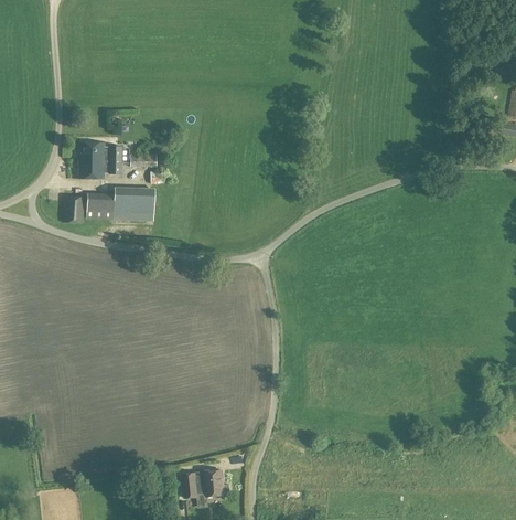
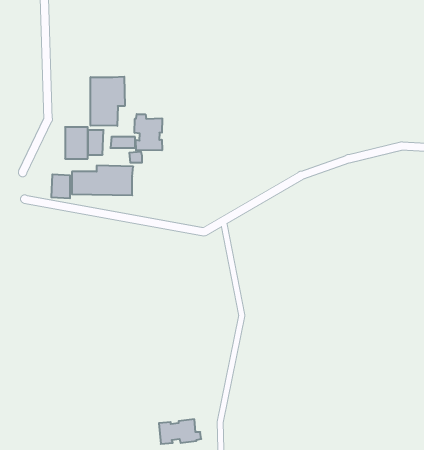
building: none -> [91,77,125,126]
building: none -> [135,114,162,151]

